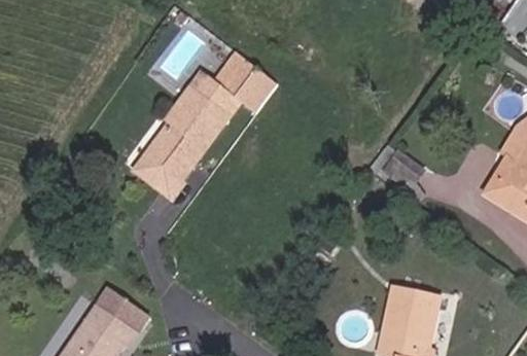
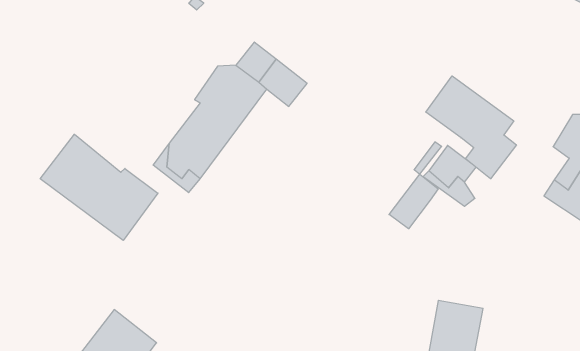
building: none -> [426,76,516,179]
building: none -> [40,134,158,240]
building: none -> [389,174,438,229]

